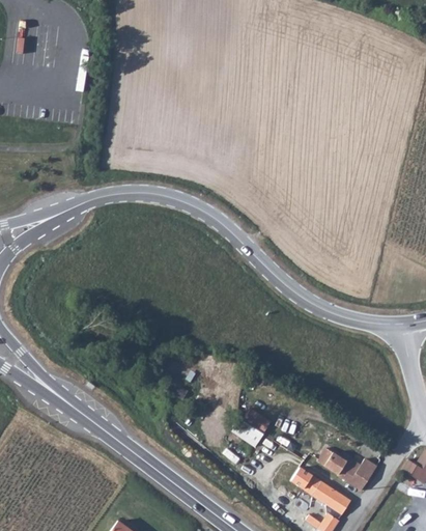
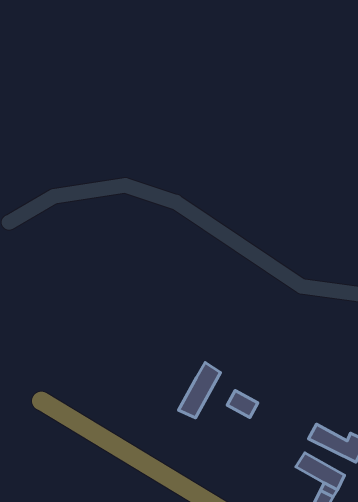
building: none -> [179,363,220,418]

